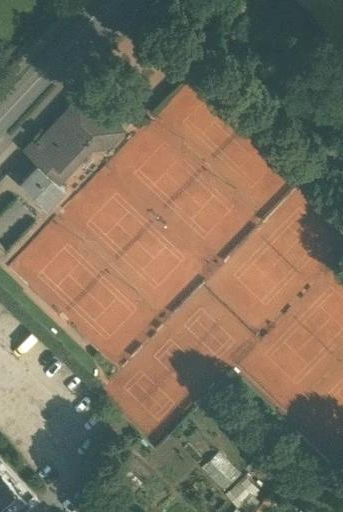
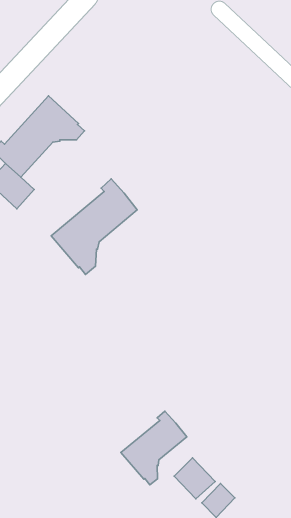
building: none -> [51,179,137,274]
building: none -> [121,411,187,485]

